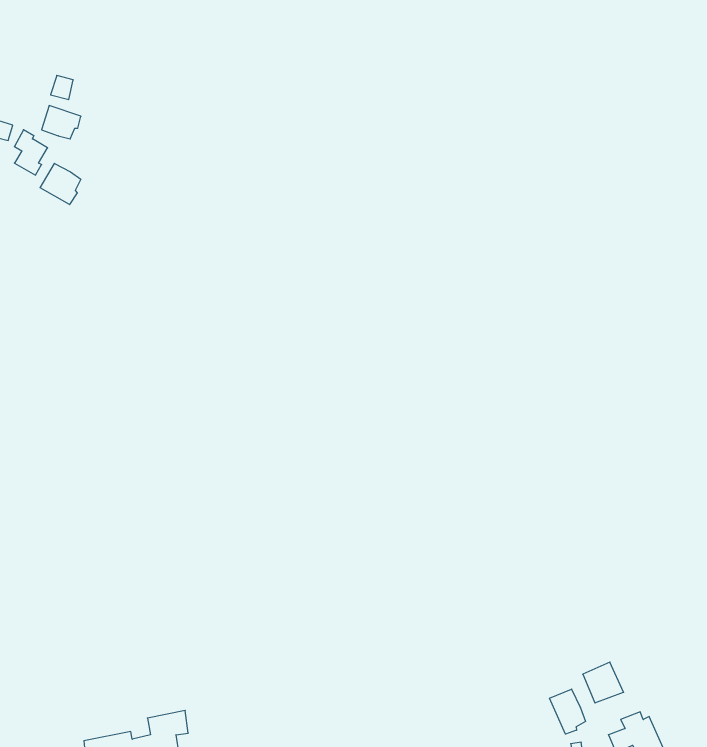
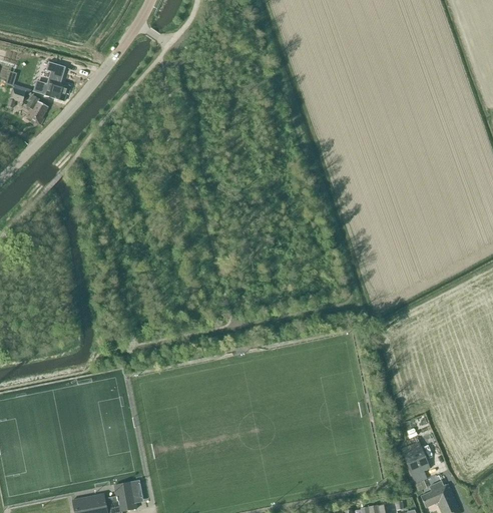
building: [40,163,81,205] -> none
building: [549,689,585,734] -> none

